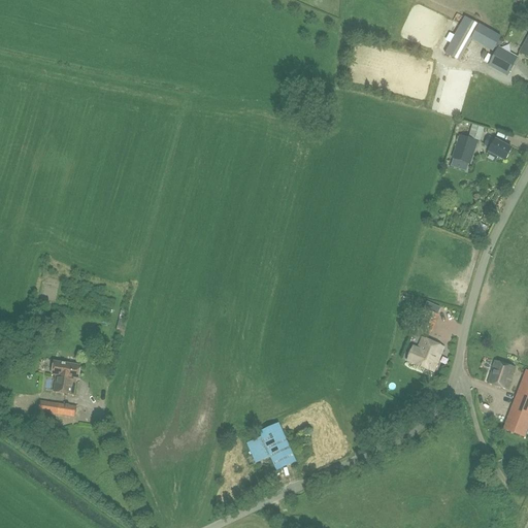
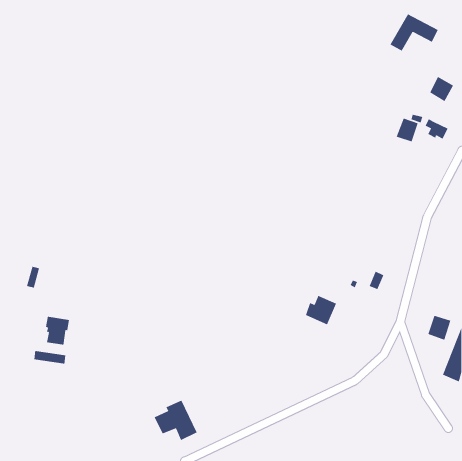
building: [488,45,516,74] -> [429,76,454,102]
building: [406,336,442,370] -> [305,295,337,325]
building: [245,422,295,468] -> [154,400,197,441]

